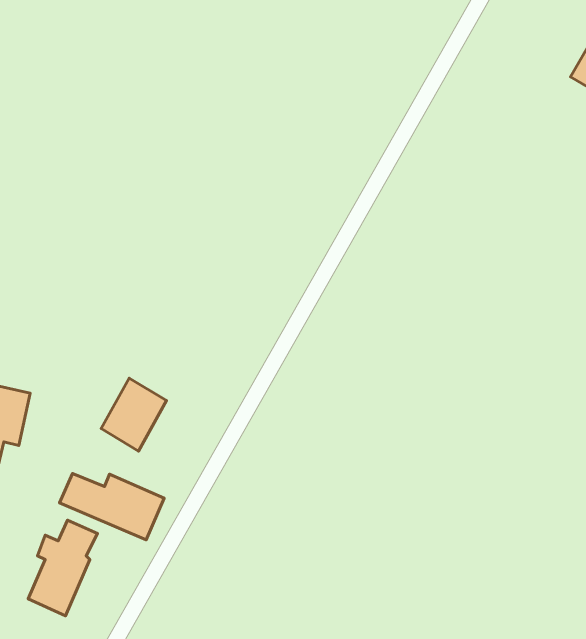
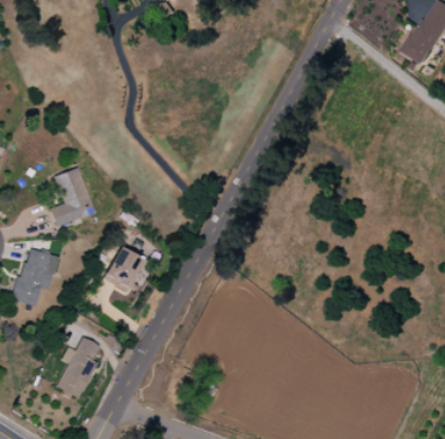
building: none -> [48,167,91,227]
building: [59,474,164,540] -> none

